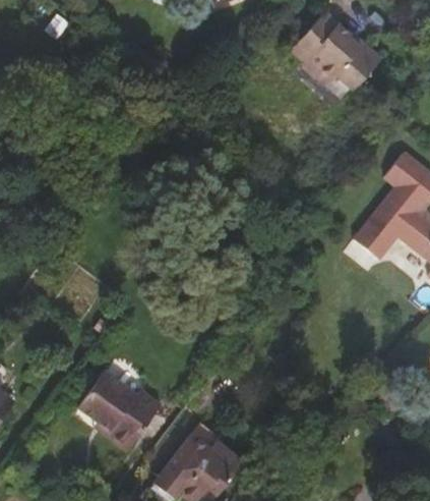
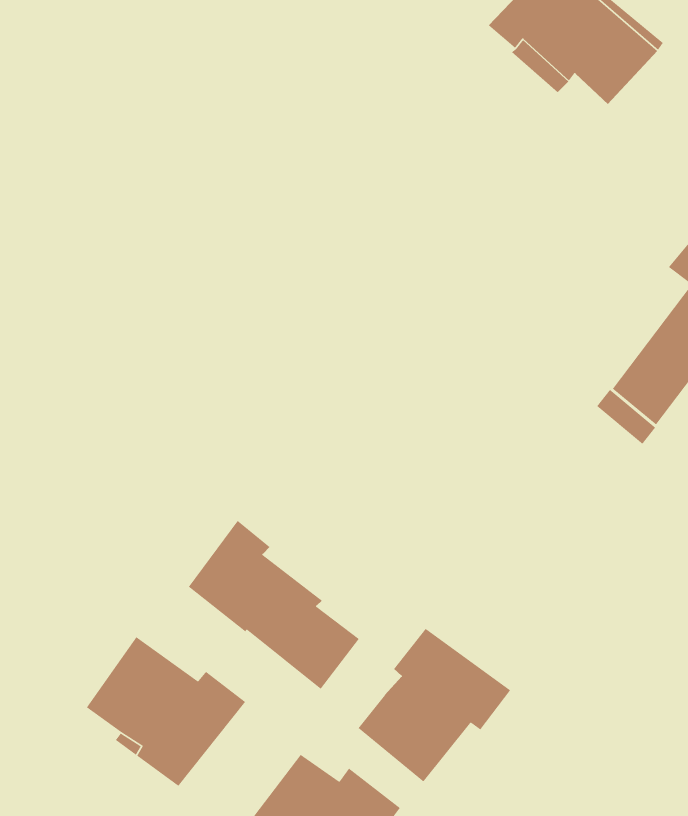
building: none -> [188,520,360,690]
building: none -> [358,628,511,782]

